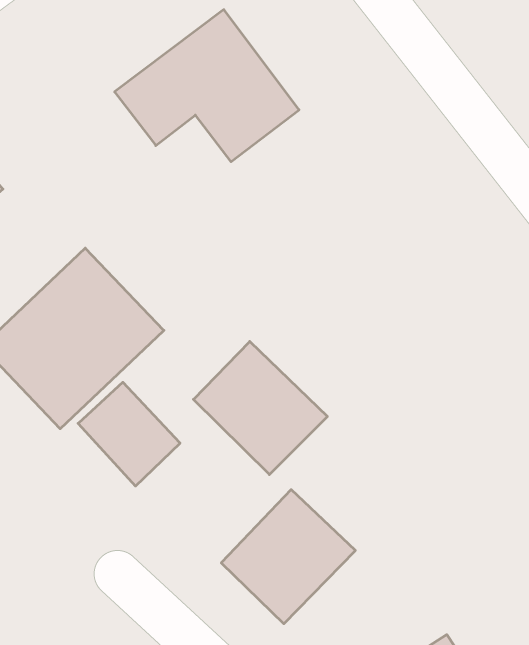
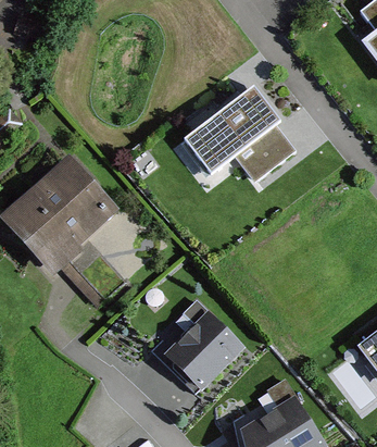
building: [115,10,299,162] -> [180,88,292,181]
building: [193,341,327,475] -> none

